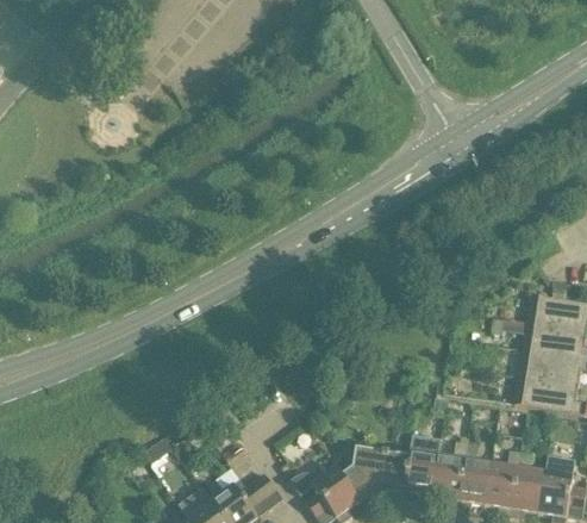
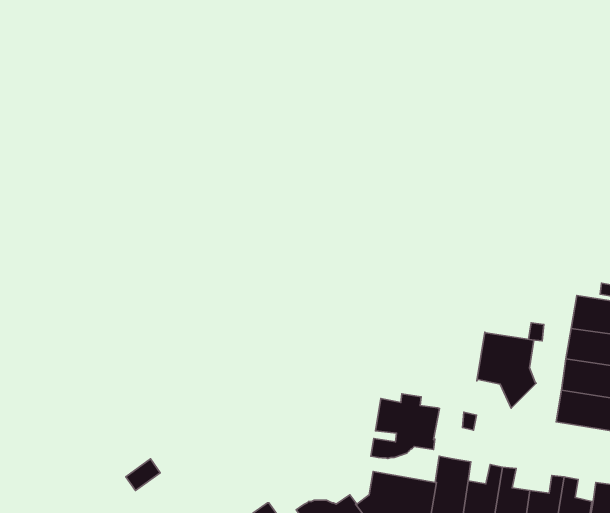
building: none -> [477,332,536,408]
building: none -> [371,394,440,458]

